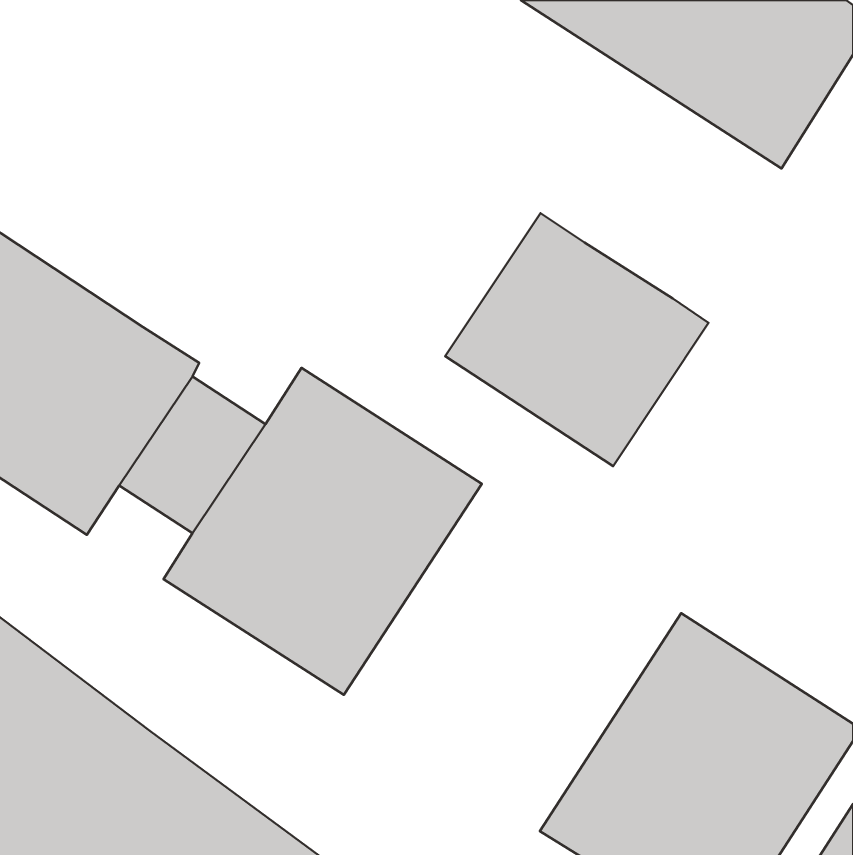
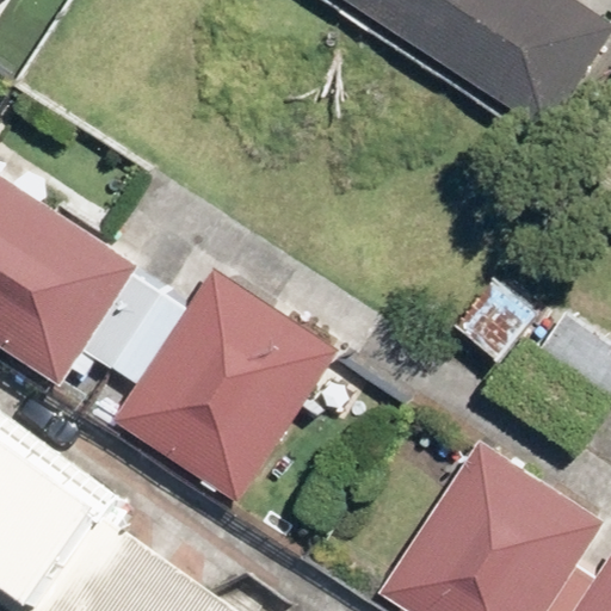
building: [445,213,708,466] -> none

